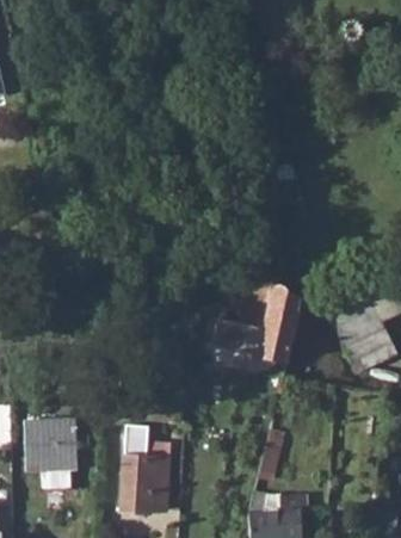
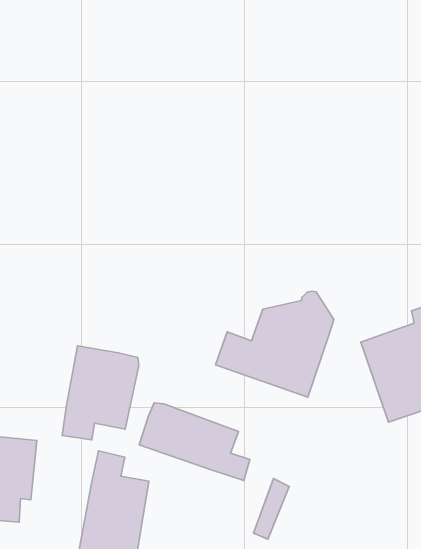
building: none -> [62,346,139,440]
building: none -> [139,403,250,481]

